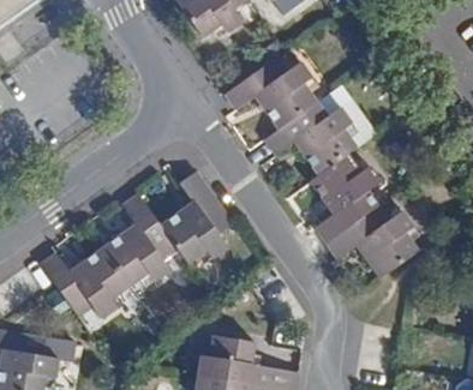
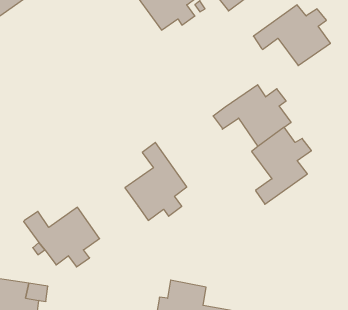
building: [224,56,316,128] -> [253,5,330,66]
building: [102,193,174,284] -> none
building: [324,205,417,278] -> none

